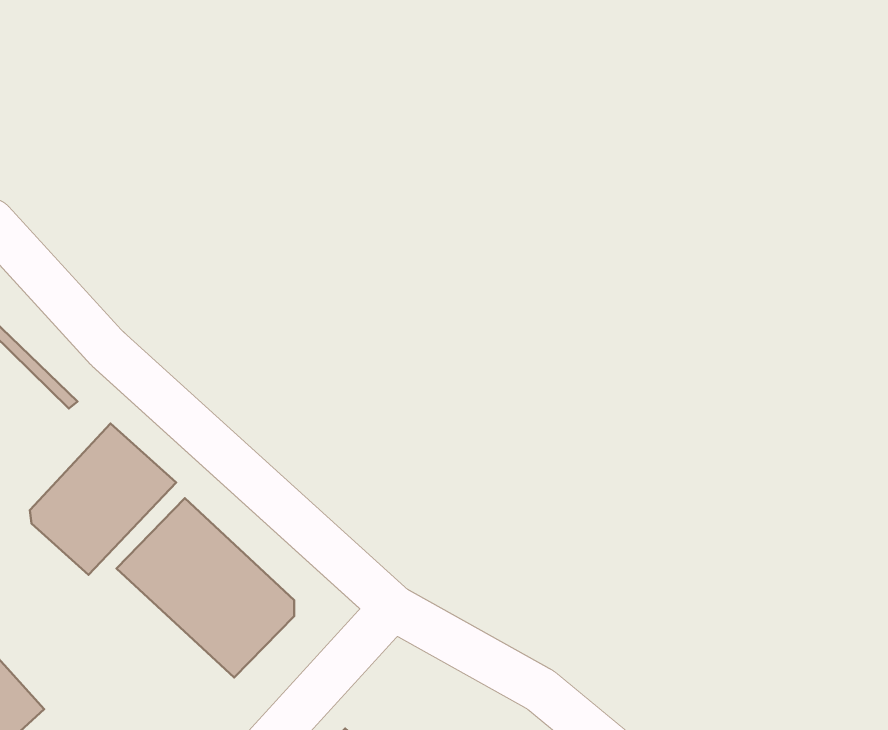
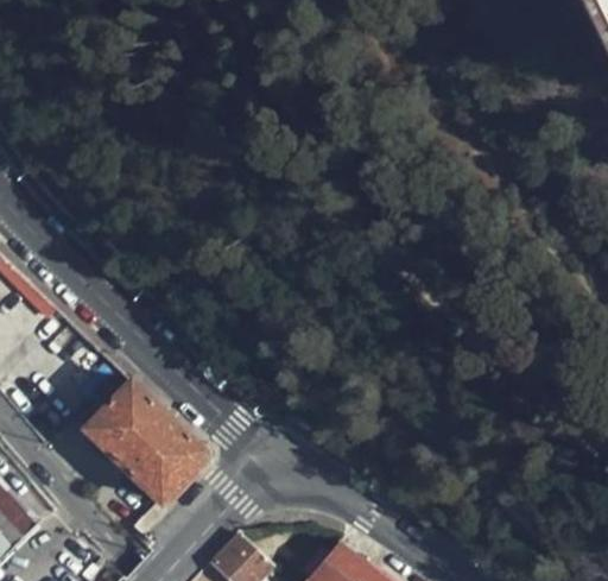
building: [30,424,176,575] -> none

